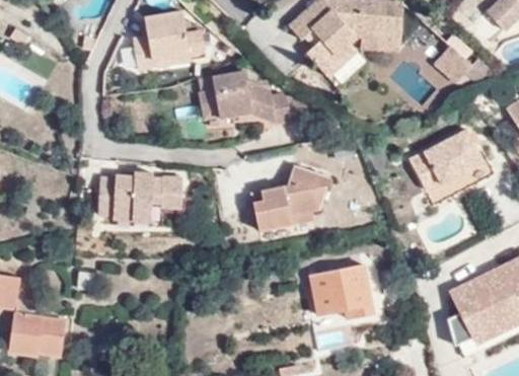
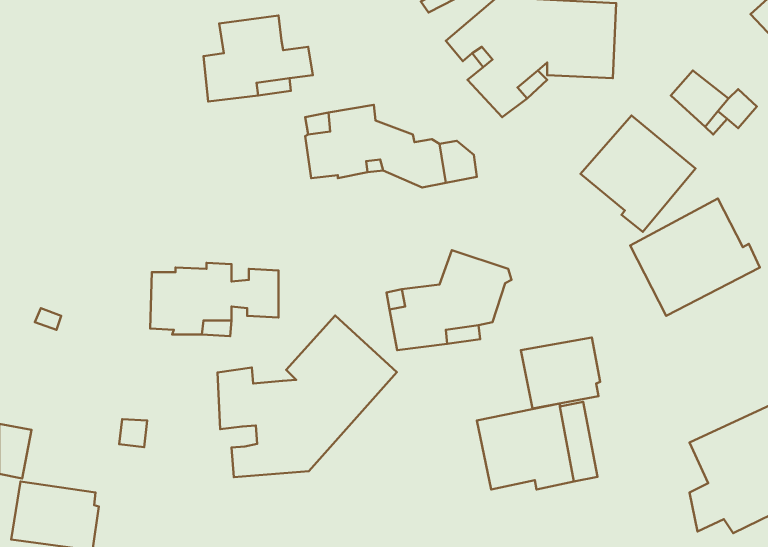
building: none -> [581,115,695,232]
building: none -> [217,316,397,477]
building: none -> [521,337,600,409]

